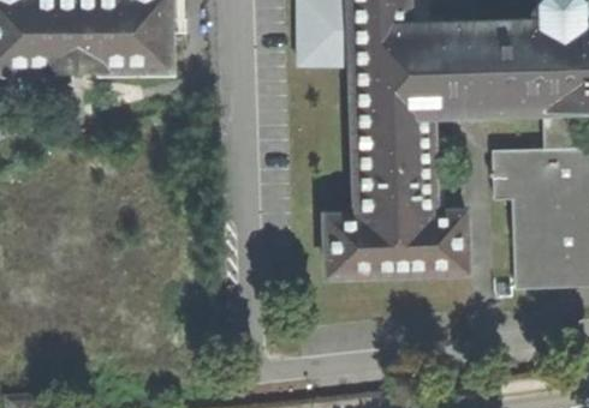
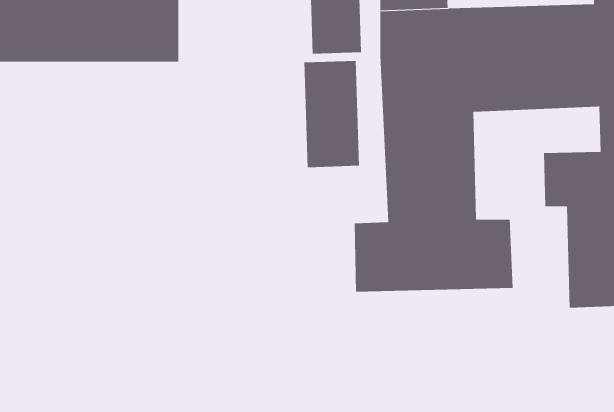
building: none -> [304,60,360,168]

